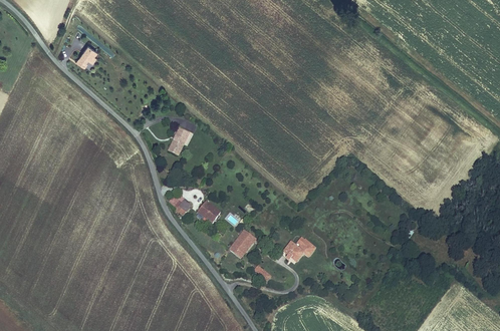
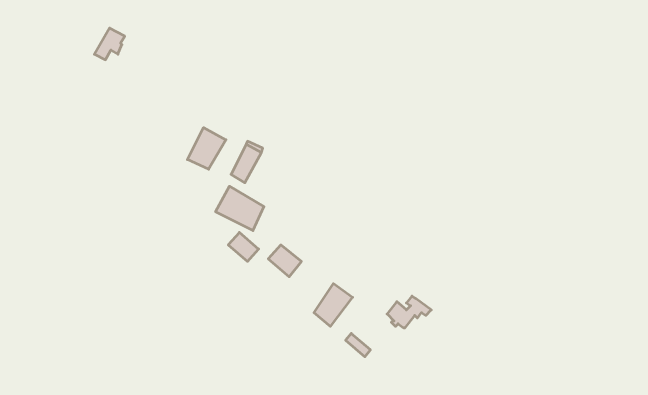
building: none -> [187,128,226,169]
building: none -> [216,186,264,231]

